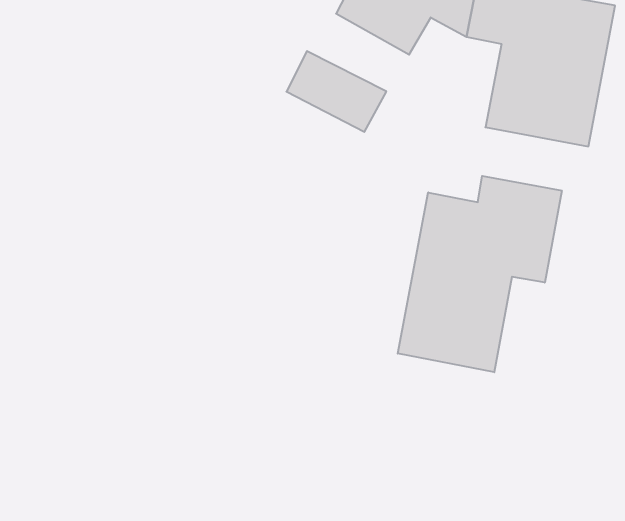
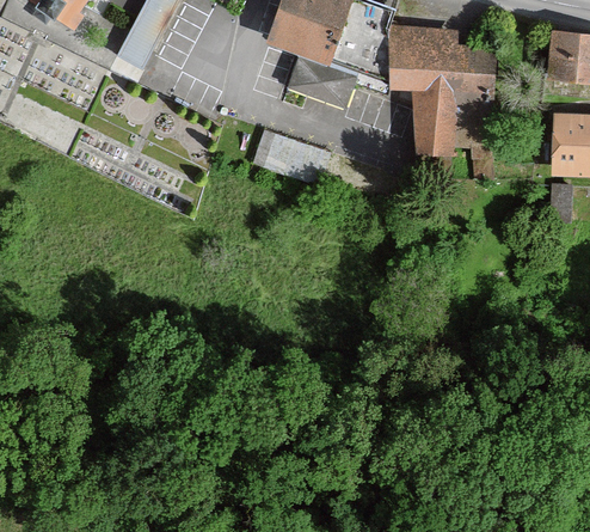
building: [398,176,562,372] -> none

